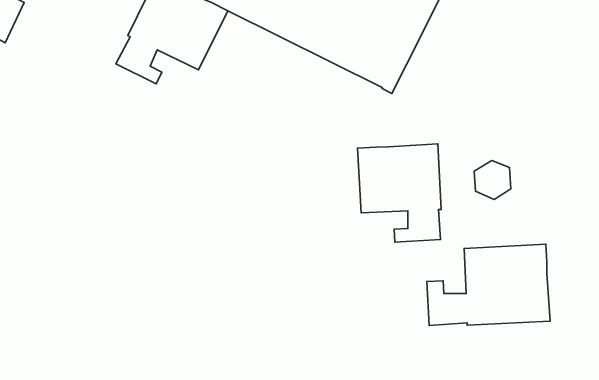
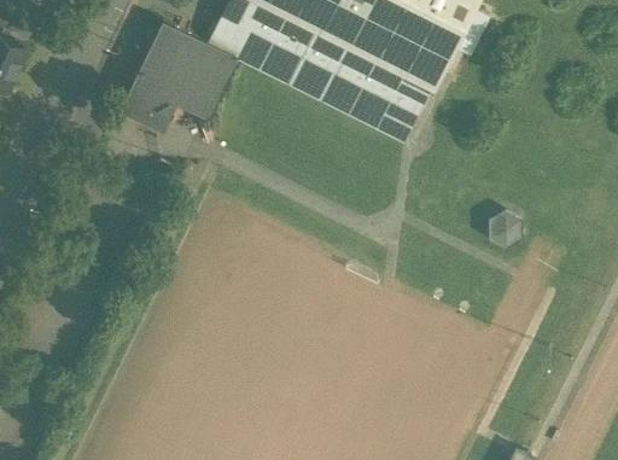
building: [357,144,441,242] -> none
building: [427,244,550,325] -> none

